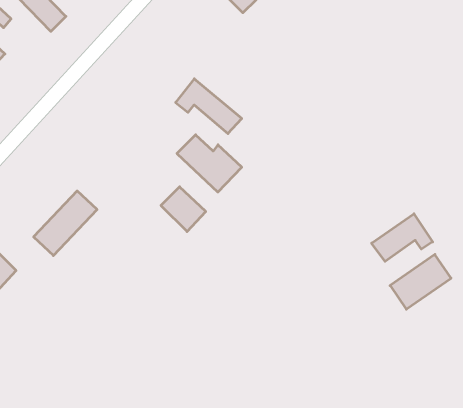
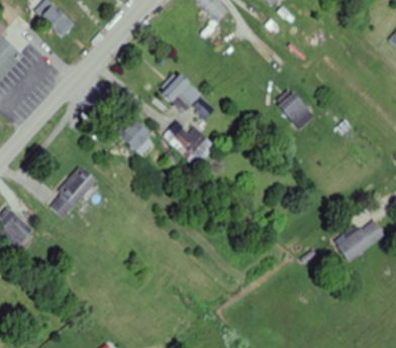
building: none -> [278,91,315,129]
building: [161,187,206,232] -> [118,118,155,154]
building: [372,214,433,261] -> none

